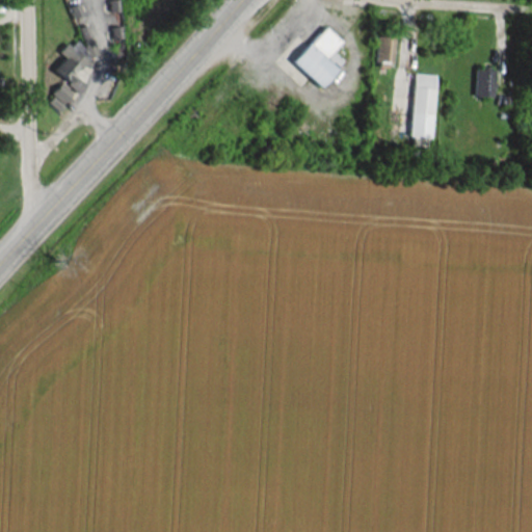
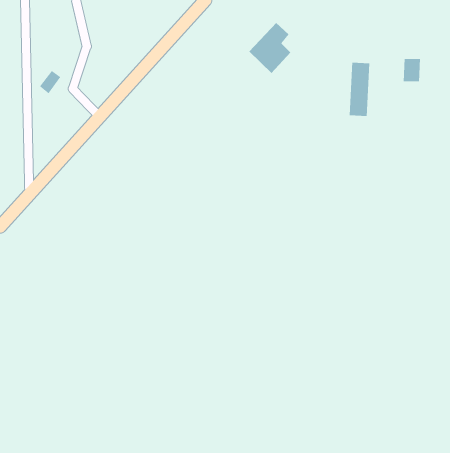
building: [378,37,397,65] -> none
building: [55,38,96,92] -> none

